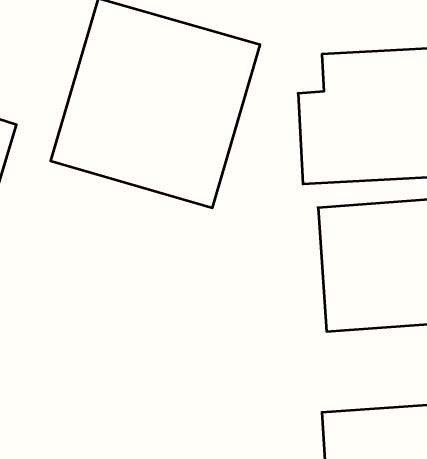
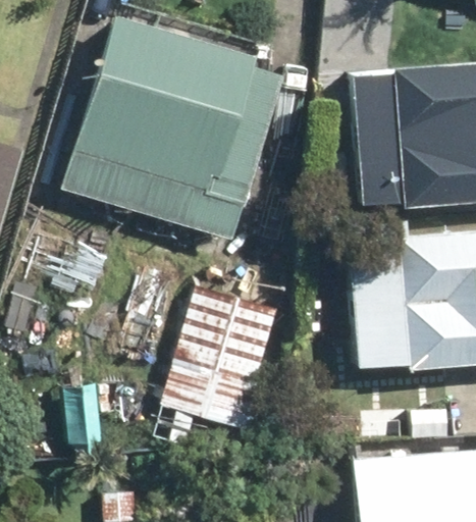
building: none -> [162,284,282,431]

